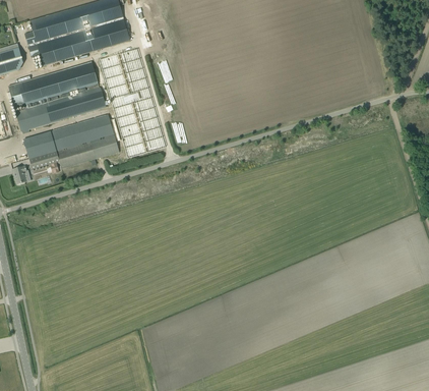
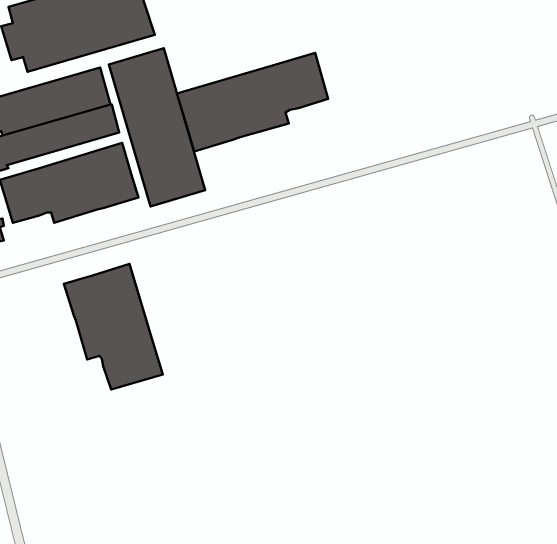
building: none -> [177,53,328,151]
building: none -> [64,264,163,390]

